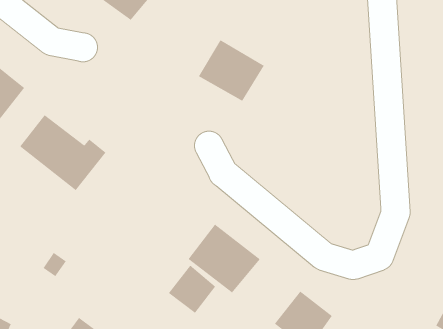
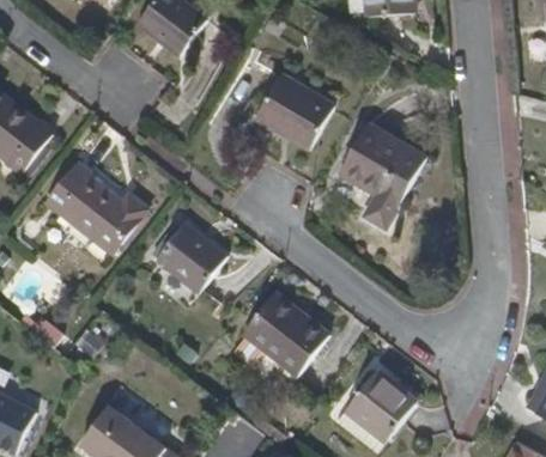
building: none -> [340,122,425,227]
building: none -> [154,223,225,291]
building: [168,265,216,314] -> none

